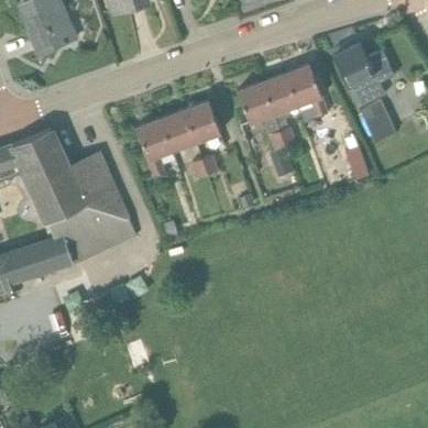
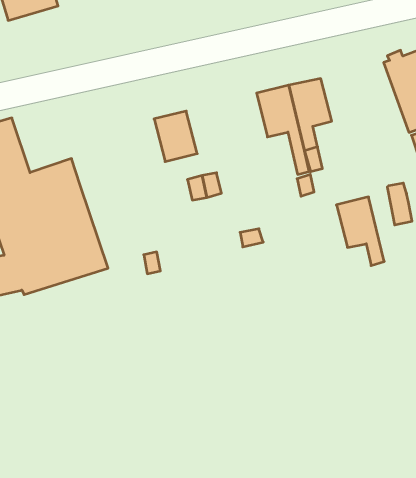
building: [286,65,328,118] -> [336,197,384,266]
building: [185,101,221,142] -> none
building: [136,119,173,176] -> none

